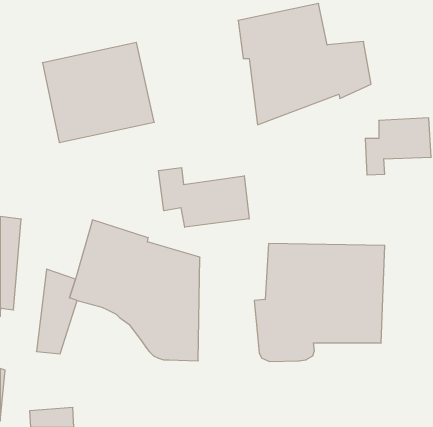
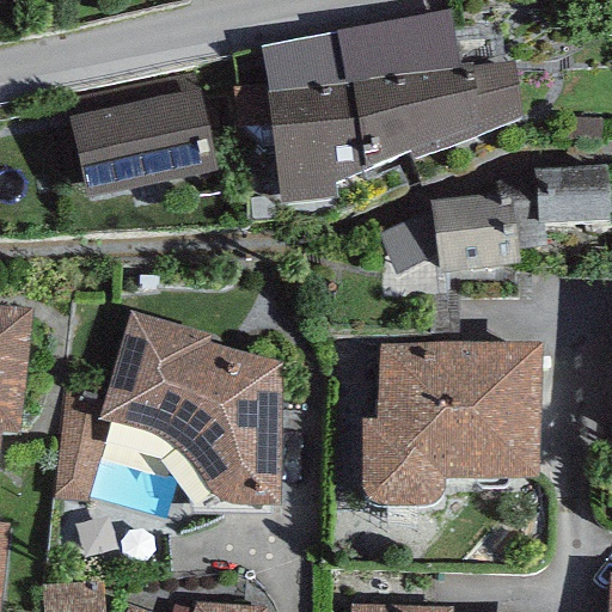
building: none -> [228,29,363,209]
building: none -> [379,195,520,274]
building: [158,168,249,227] -> none

